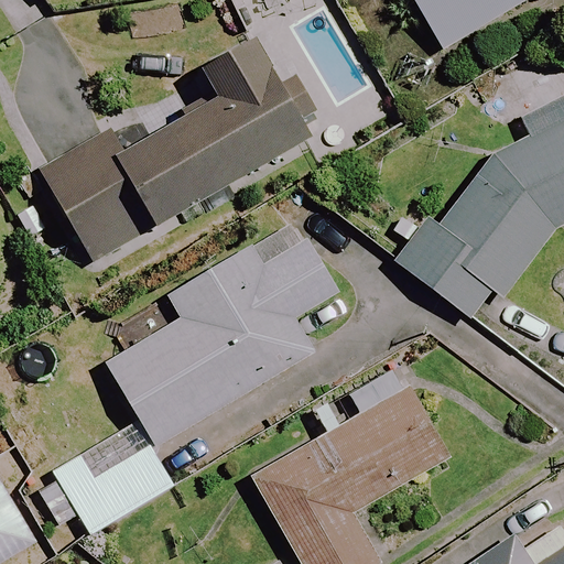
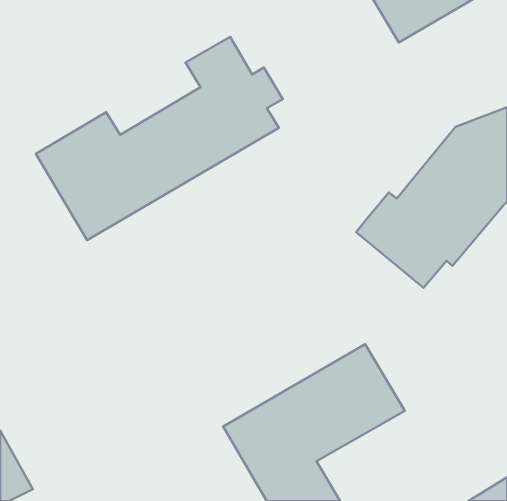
building: [108,217,339,445] -> none
building: [34,422,171,532] -> none

